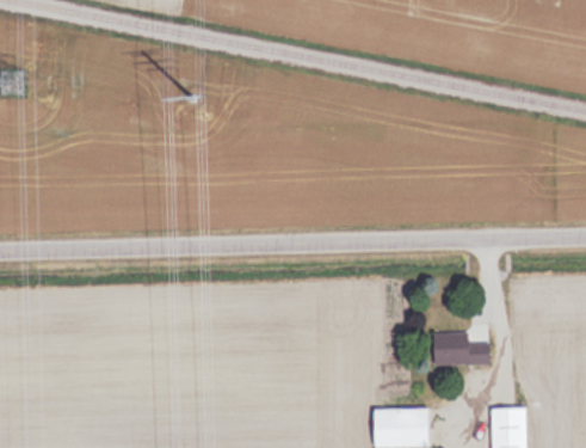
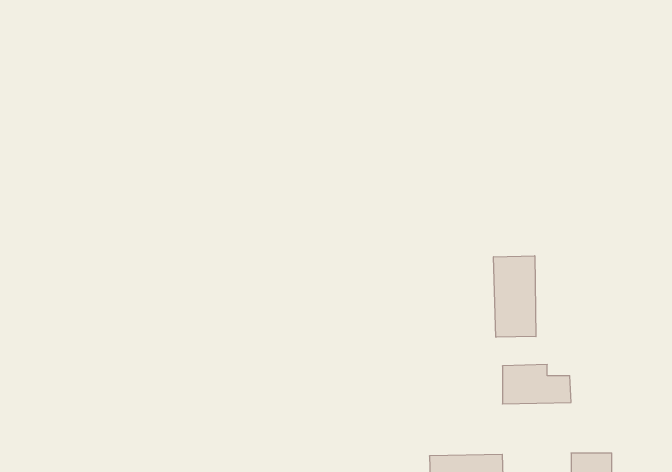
building: none -> [494,256,536,337]

